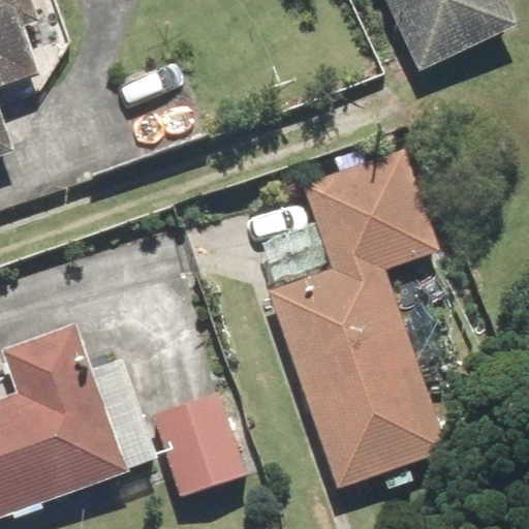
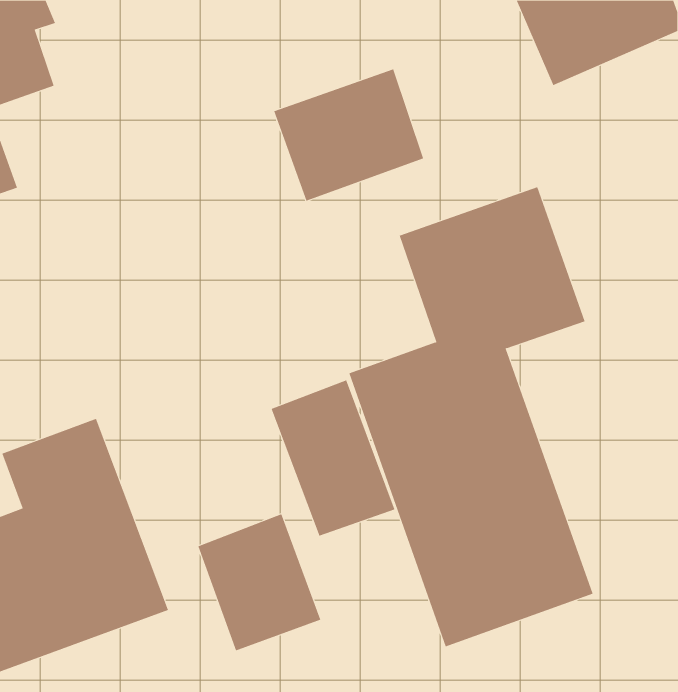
building: none -> [274,69,424,201]
building: none -> [271,380,395,536]

